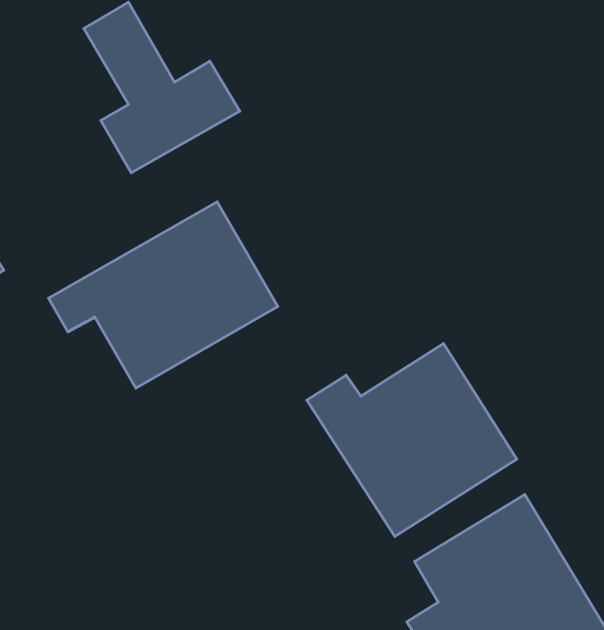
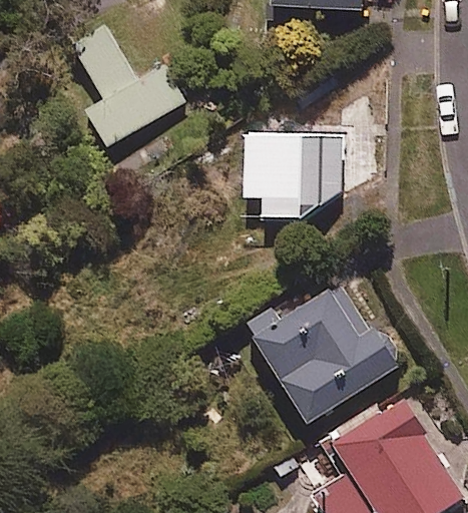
building: none -> [240,130,351,218]
building: [48,202,278,388] -> none

